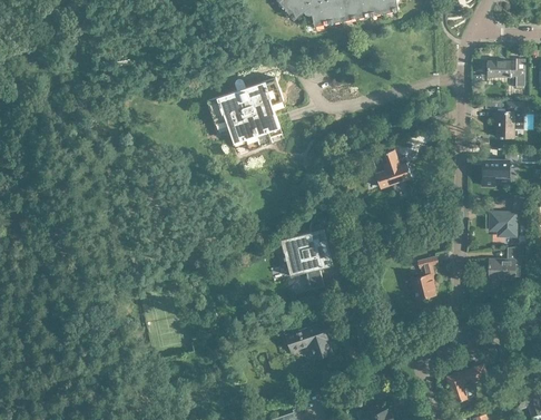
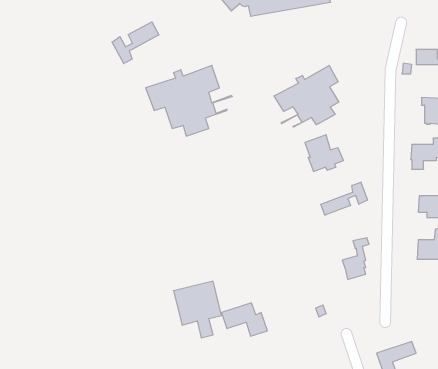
building: none -> [112,22,159,64]
building: none -> [274,65,339,127]
building: none -> [321,182,368,215]
building: [281,229,331,289] -> [173,281,222,338]

